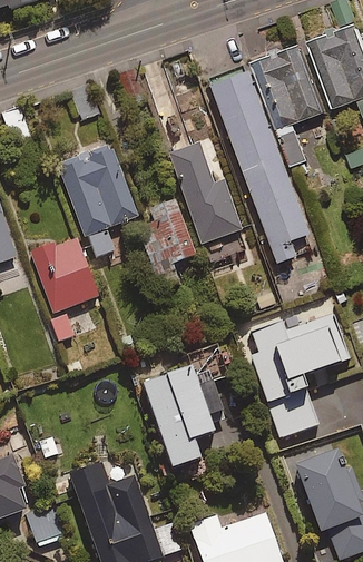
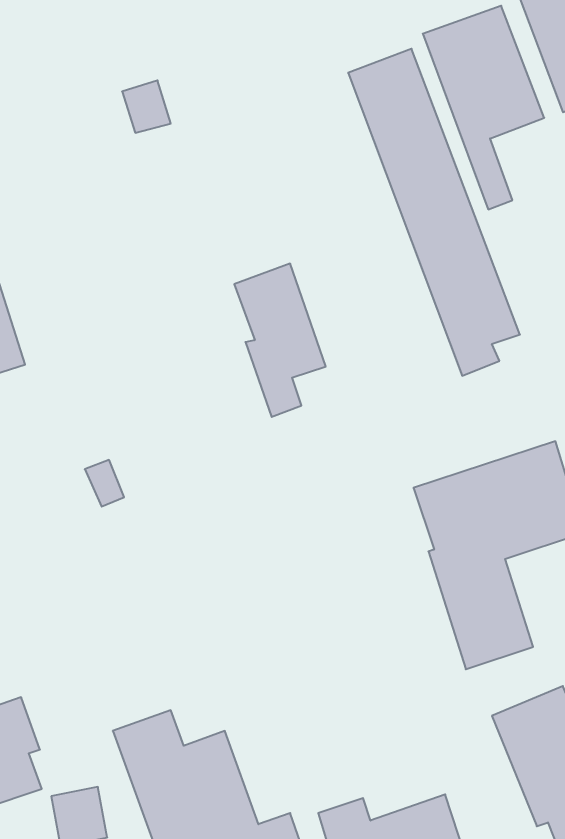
building: [169,144,248,264] -> none
building: [59,147,137,258] -> none
building: [31,237,98,313] -> none
building: [143,344,227,466] -> none

